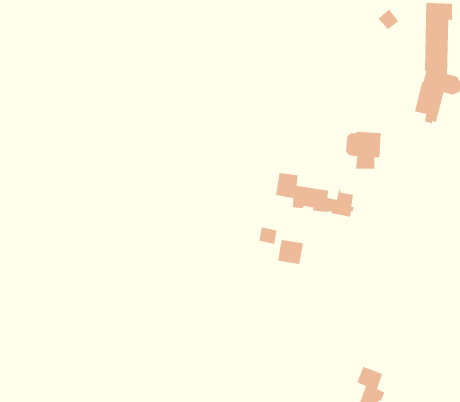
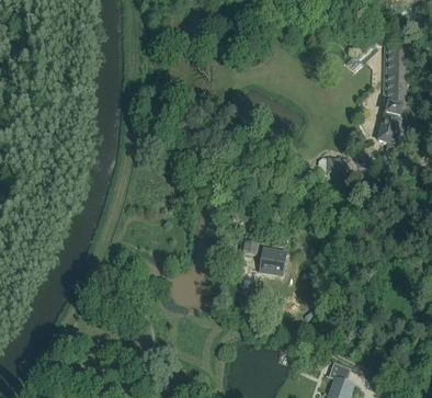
building: [276,172,354,218] -> none

